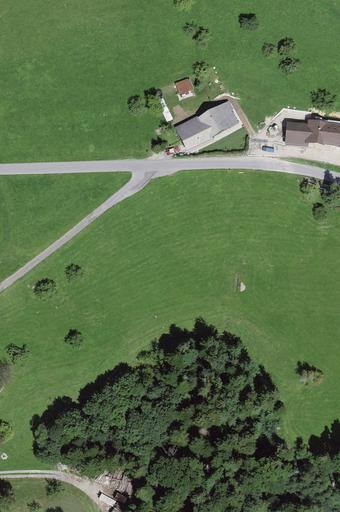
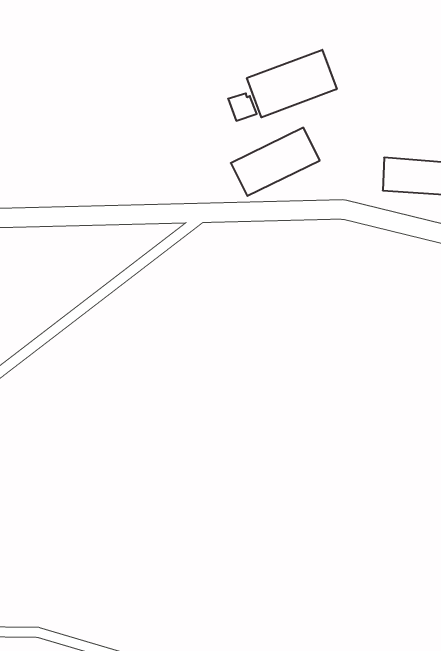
building: none -> [247,50,337,117]

